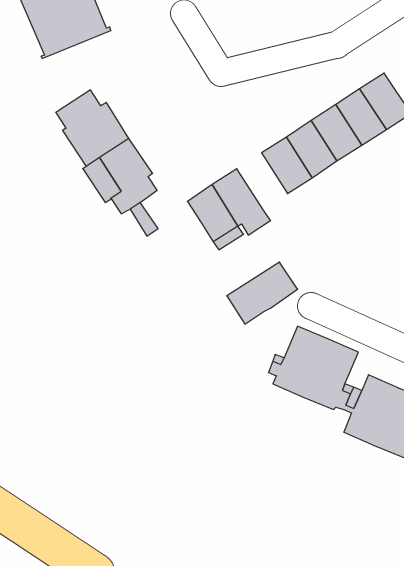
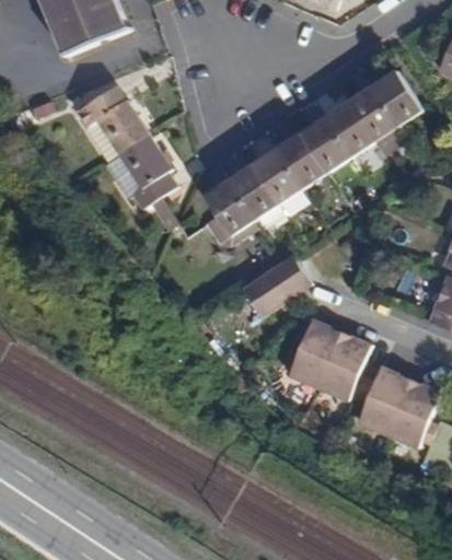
building: none -> [252,149,301,203]

